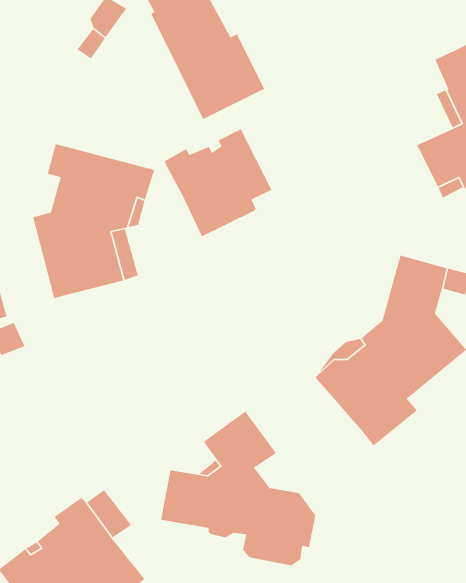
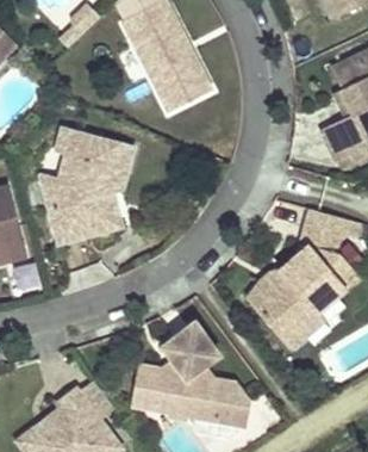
building: [164,128,273,238] -> none

